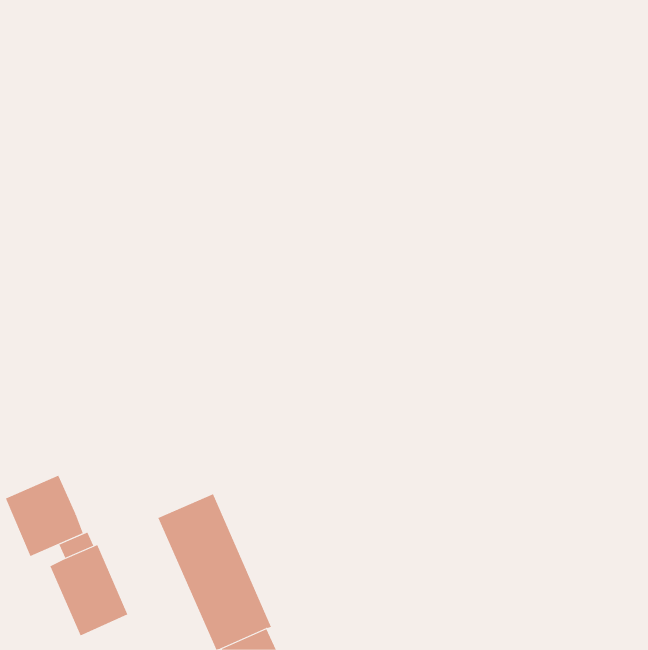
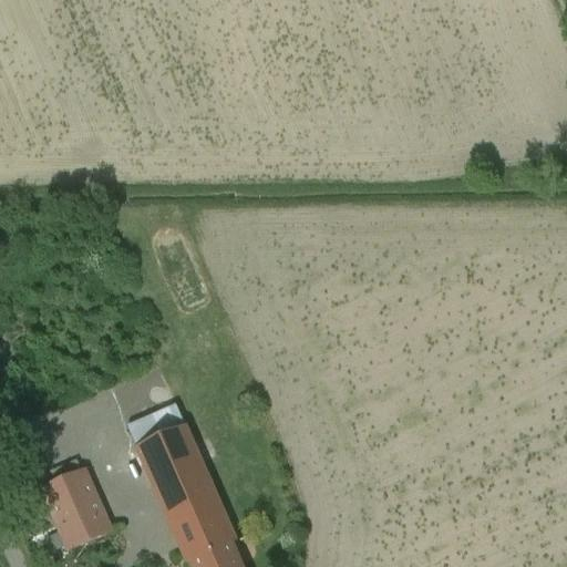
building: none -> [130,409,187,451]
building: [5,475,84,557] -> none

